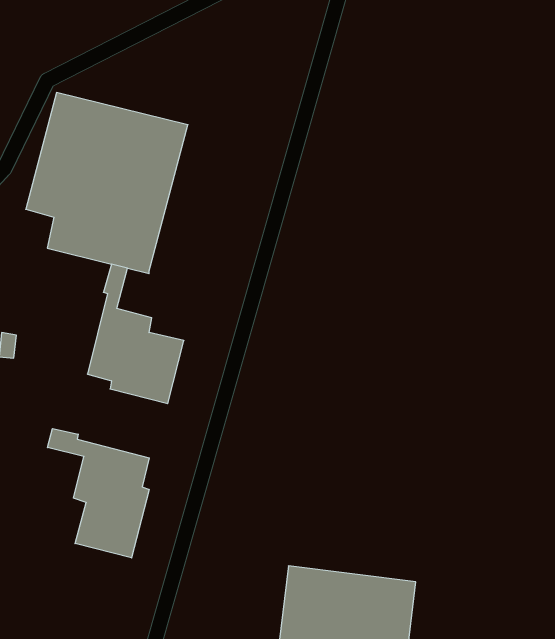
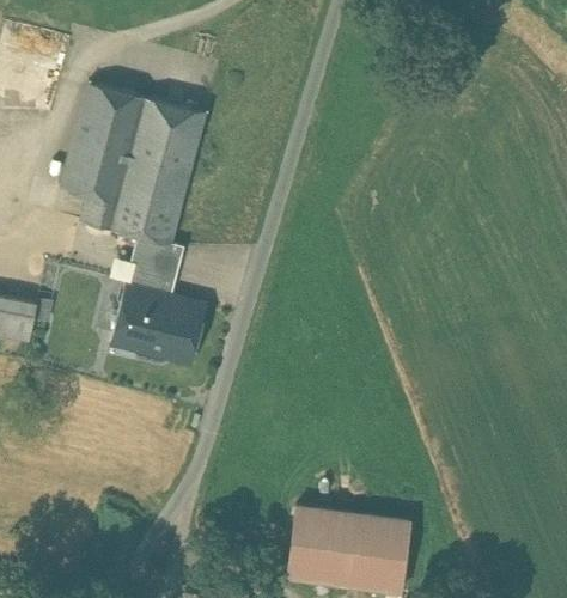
building: none -> [142,242,184,286]
building: [48,429,149,558] -> none

